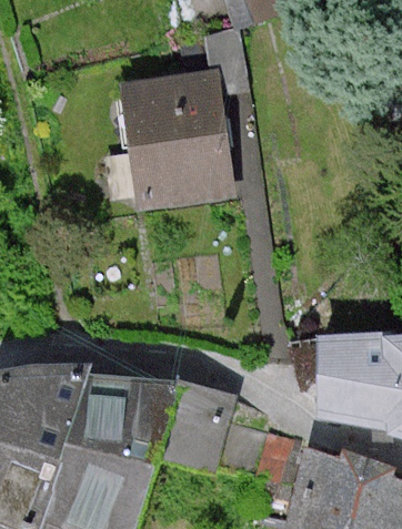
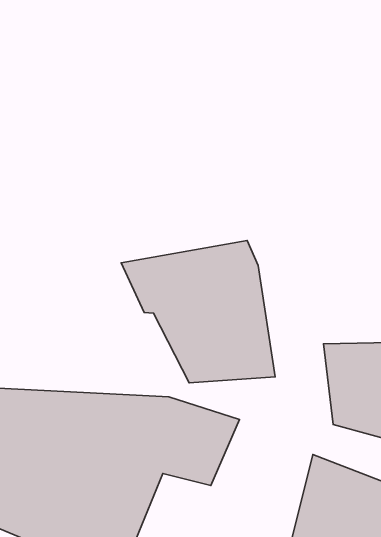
building: [123,65,247,214] -> none
building: none -> [121,240,275,383]

